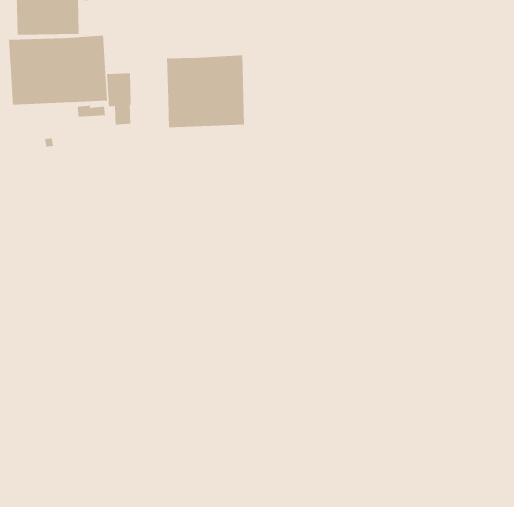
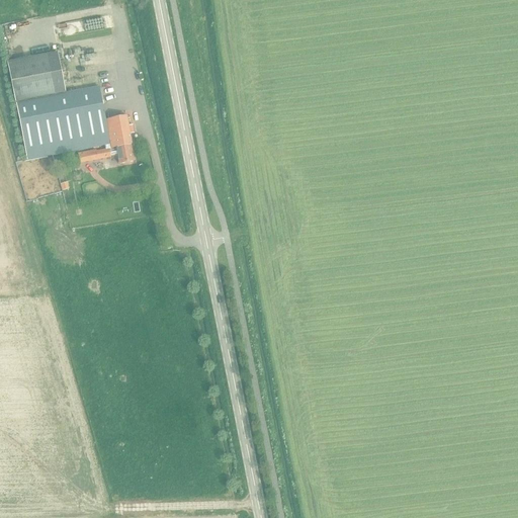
building: [167,55,245,128] -> none

